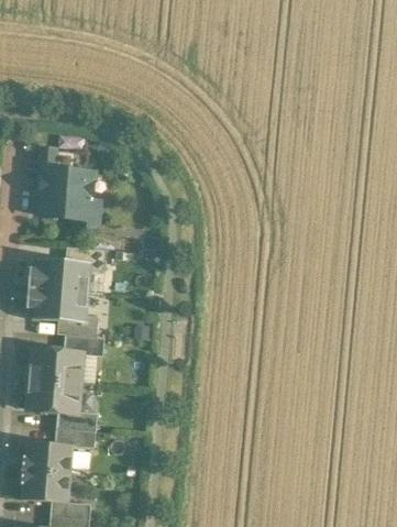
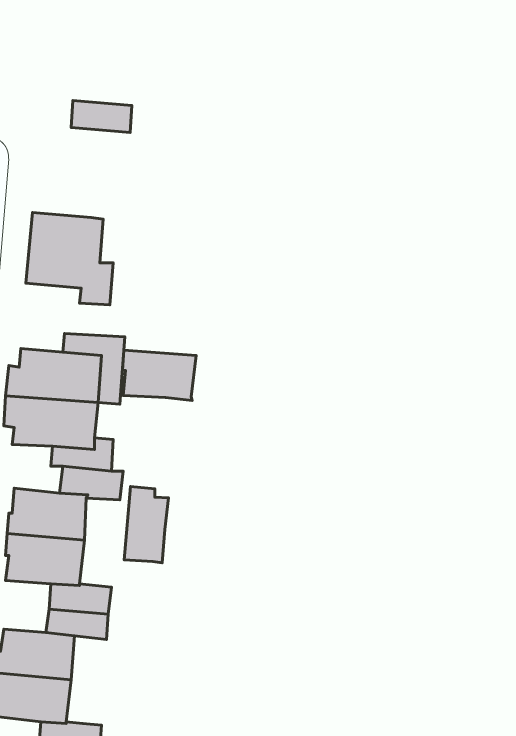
building: [45,151,85,172] -> [71,101,132,133]
building: none -> [122,350,196,400]
building: none -> [124,487,168,563]

